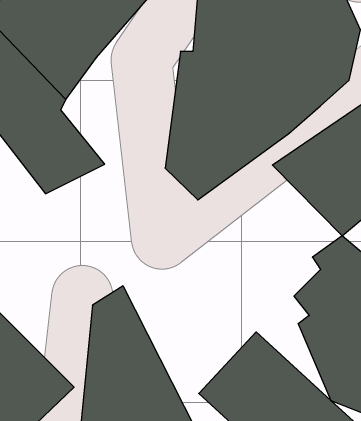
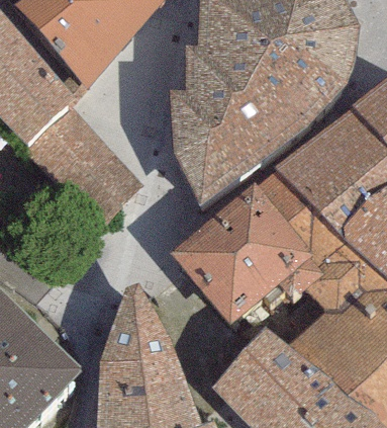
building: none -> [171,191,315,333]

